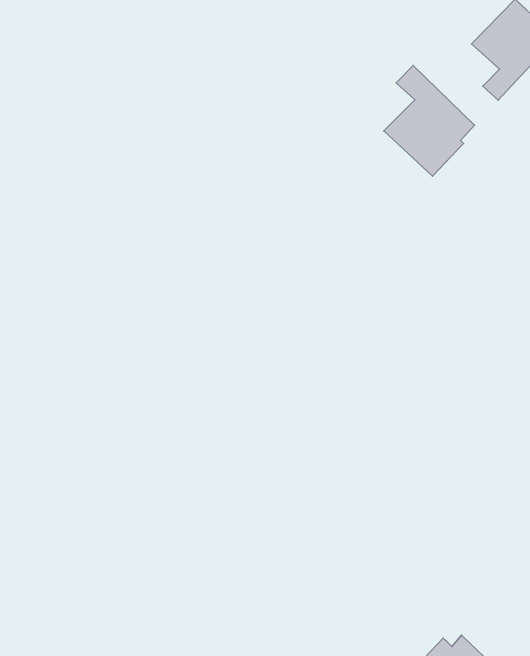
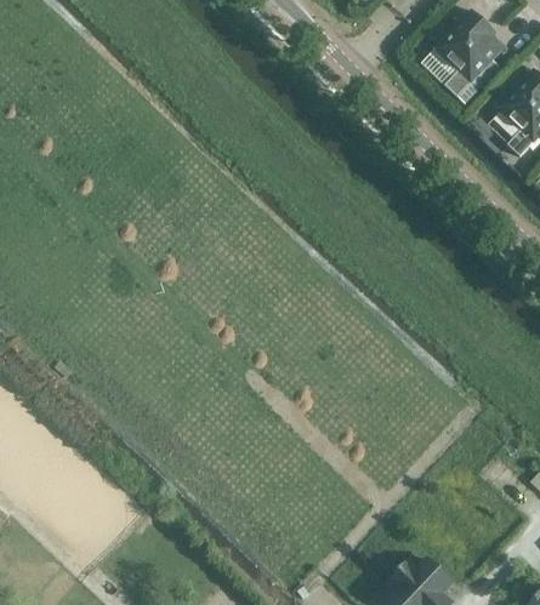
building: [384,66,474,176] -> none

